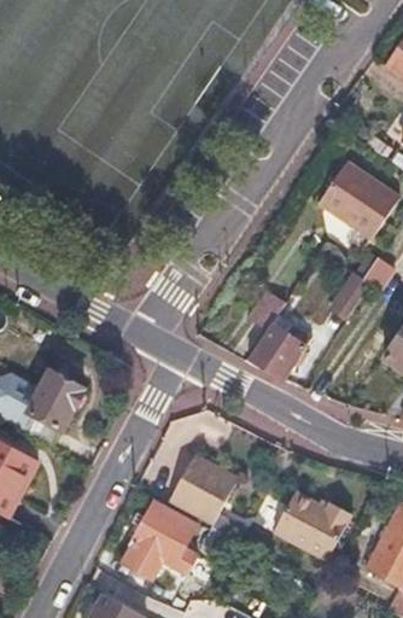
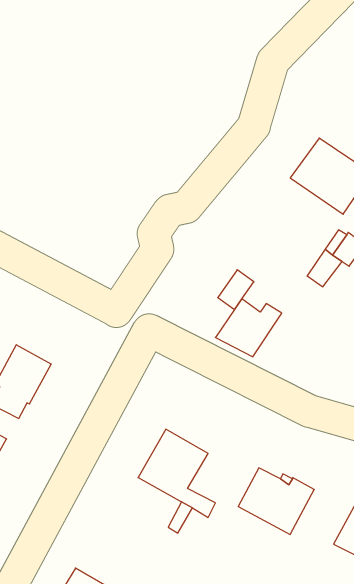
building: [122,501,197,576] -> none

